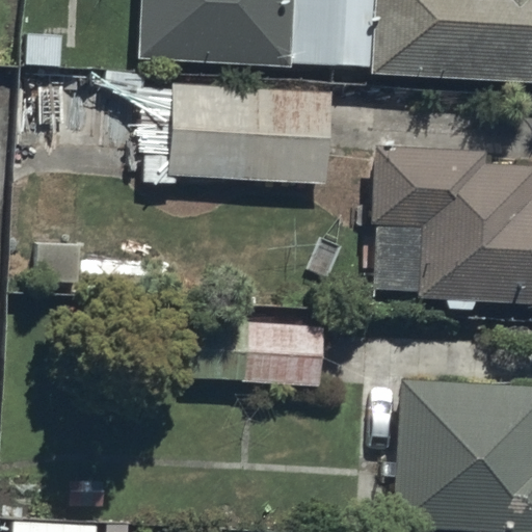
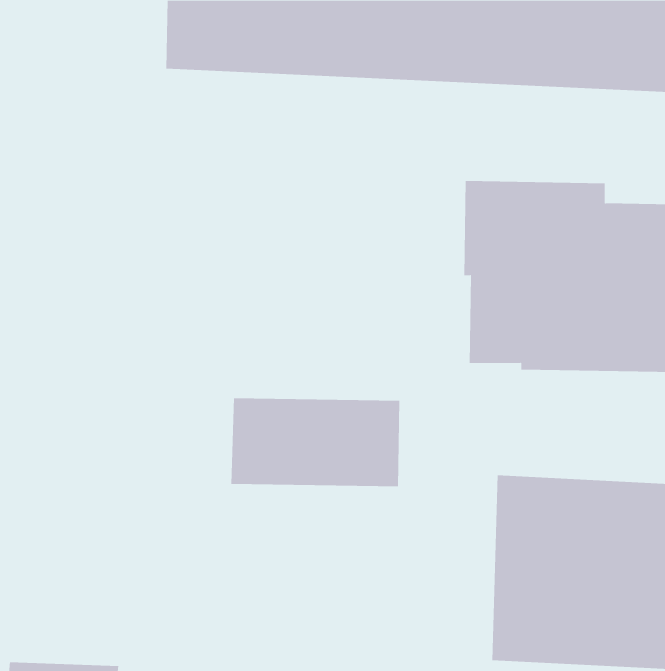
building: [169,83,329,181] -> none

